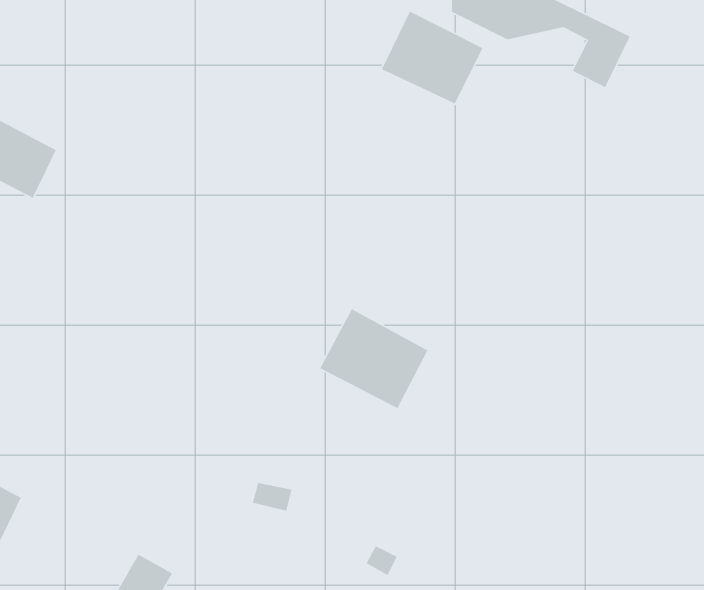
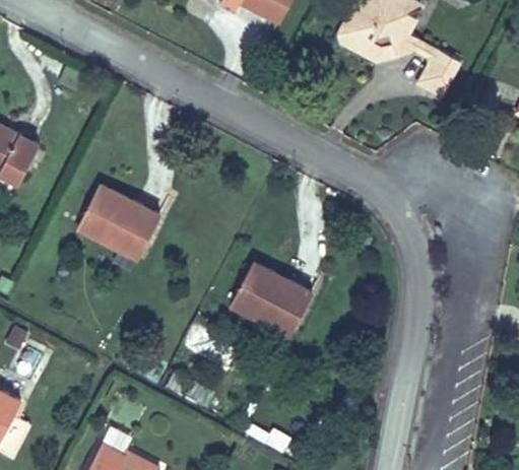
building: [381,11,483,105] -> none
building: none -> [78,183,160,258]

